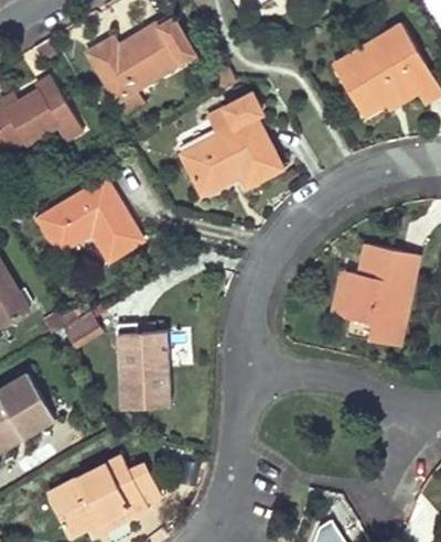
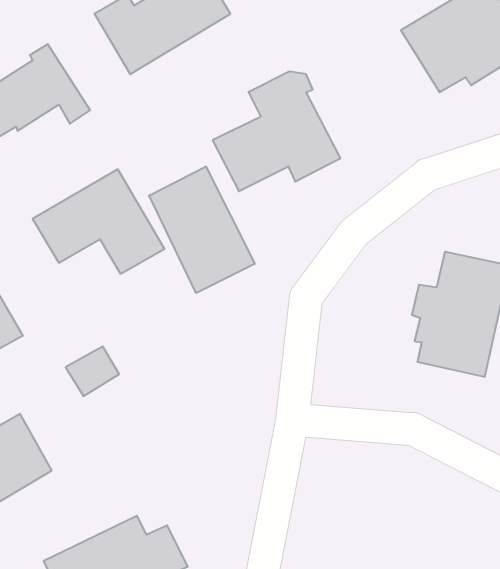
building: none -> [149,166,255,293]
building: [117,333,174,419] -> none

